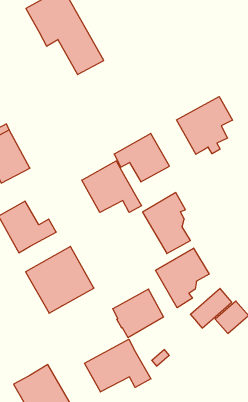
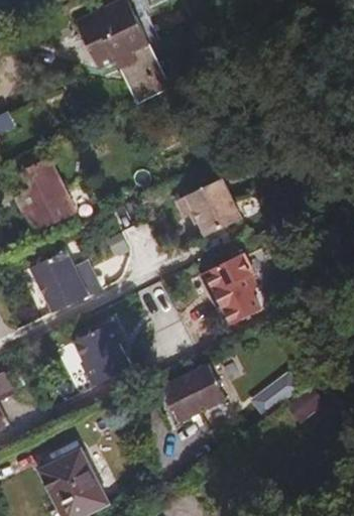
building: [177,97,232,154] -> none
building: [82,161,142,212] -> none
building: [156,248,209,308] -> none
building: [85,339,151,392] -> none

